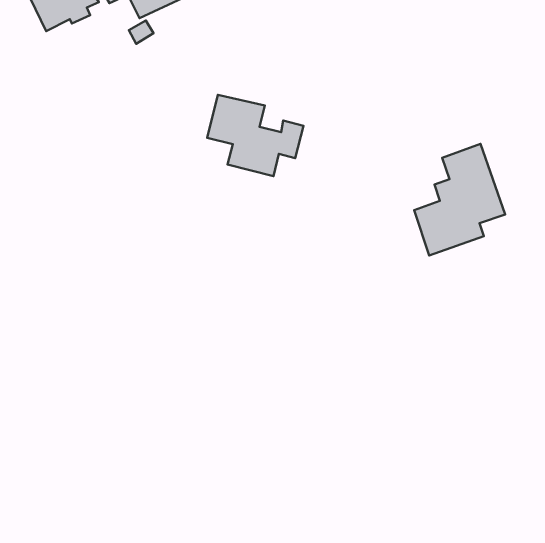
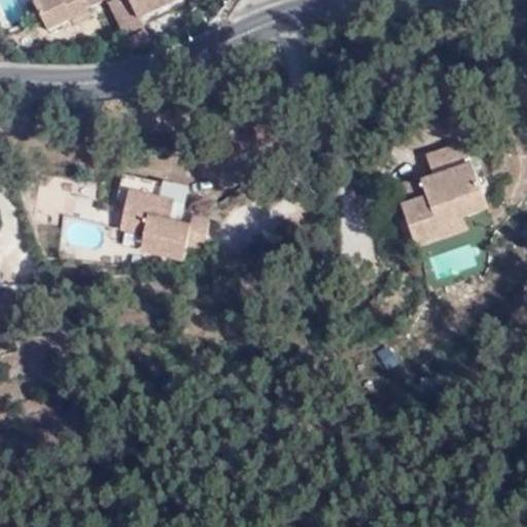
building: [207,95,304,176] -> [119,185,212,264]

